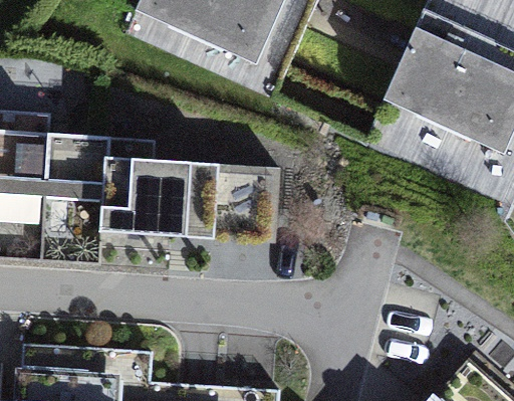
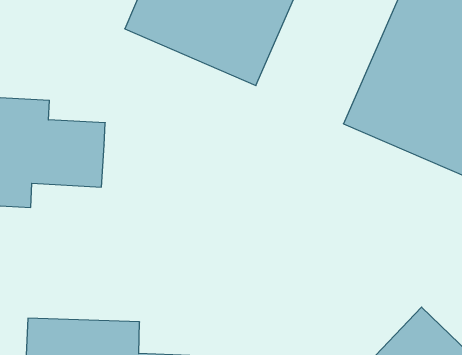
building: [108,162,287,248] -> none

